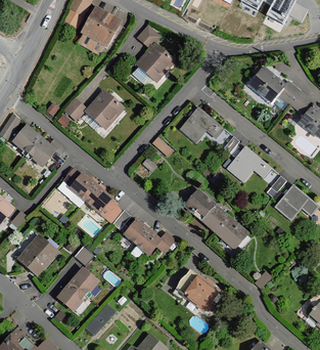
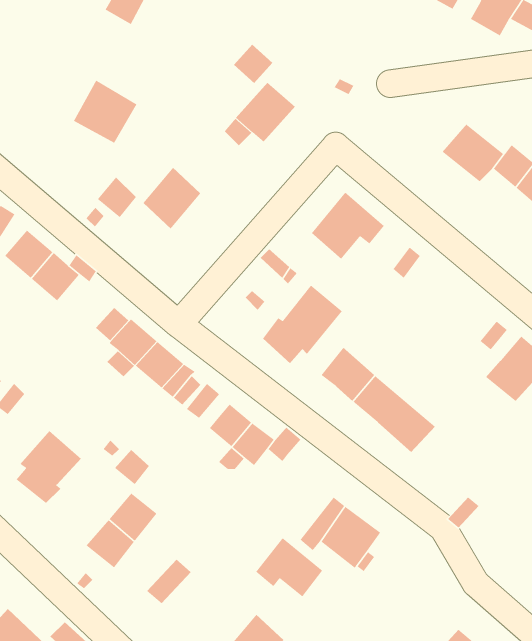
building: [84,10,119,45] -> [73,80,137,144]
building: [226,146,267,182] -> none
building: none -> [262,285,343,364]
building: none -> [255,537,323,597]

